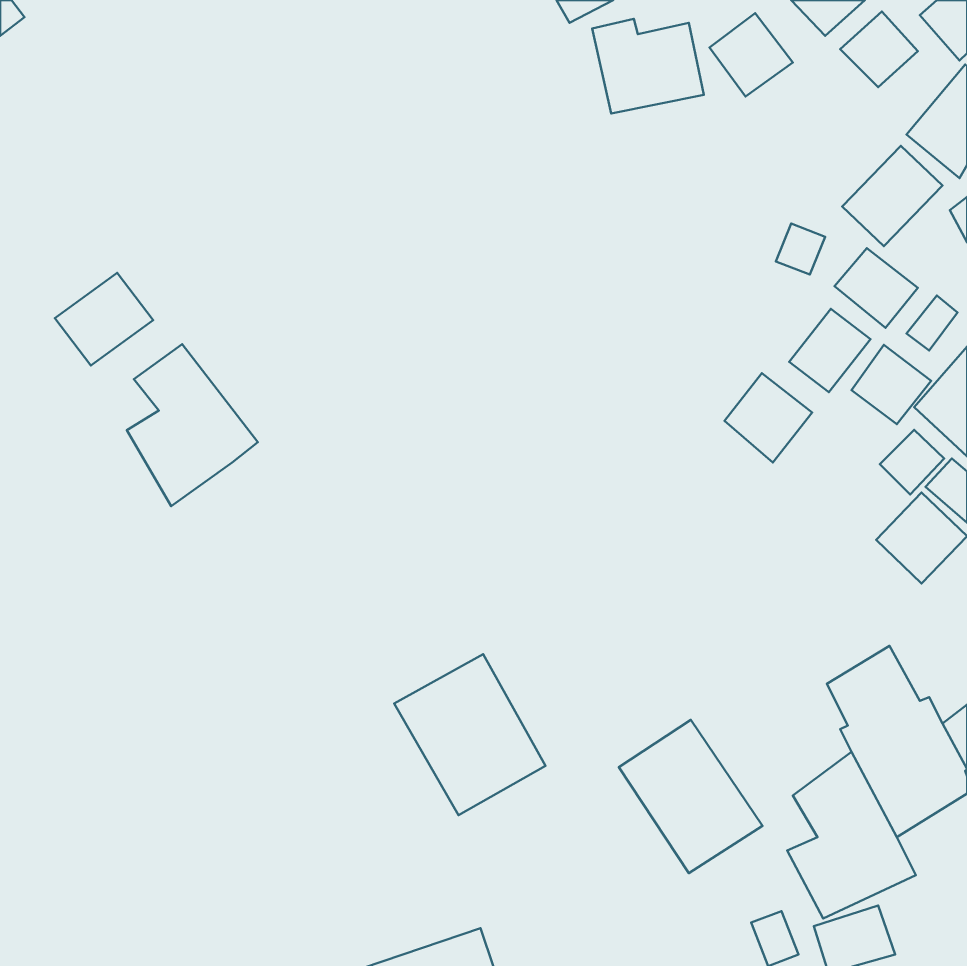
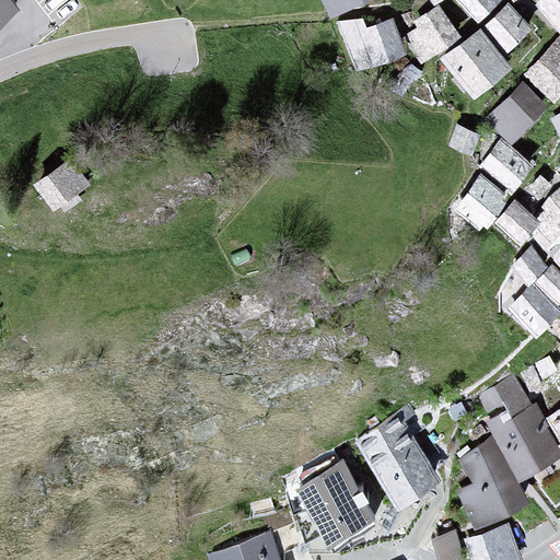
building: none -> [443,28,510,96]
building: [127,344,258,506] -> none
building: [725,373,812,462] -> none
building: [394,654,545,815] -> [292,455,380,548]

